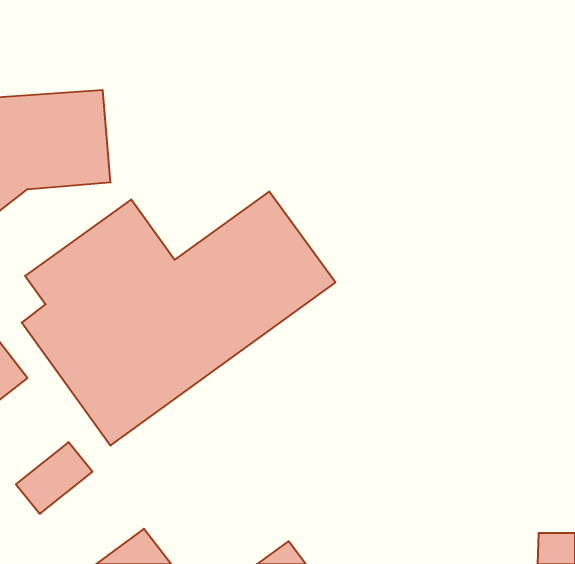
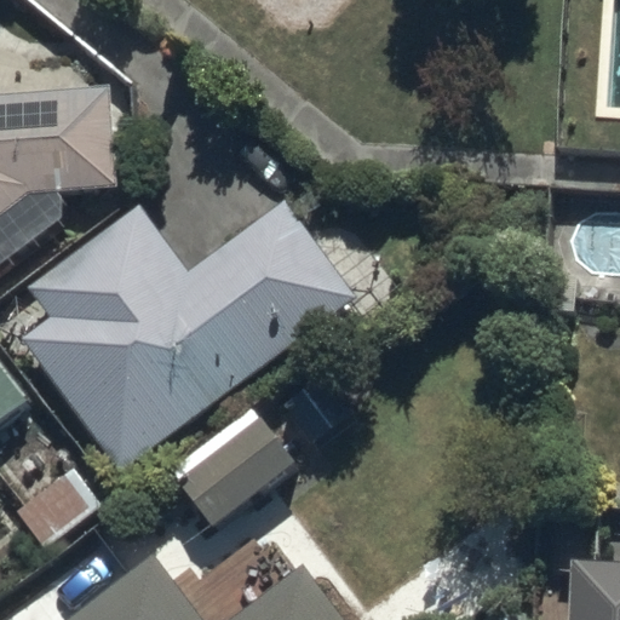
building: none -> [166,409,298,534]

